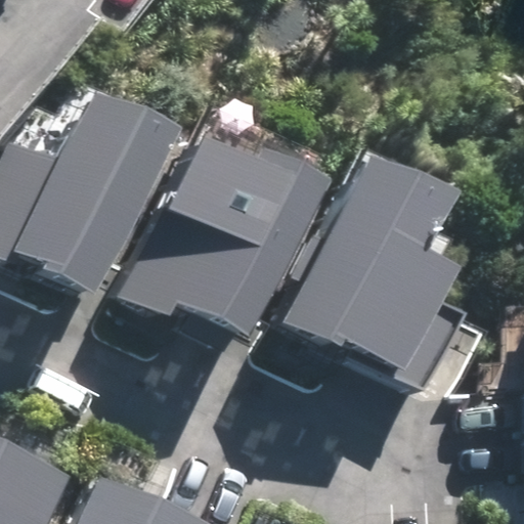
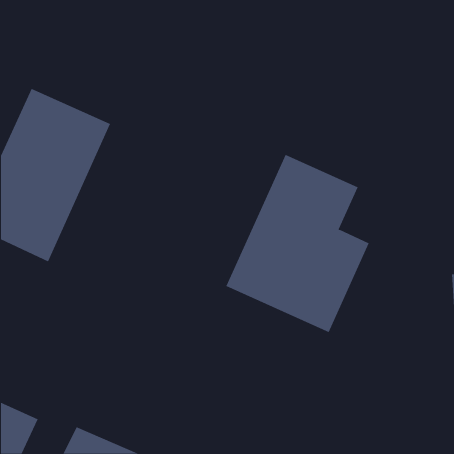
building: [118,138,297,342] -> none

